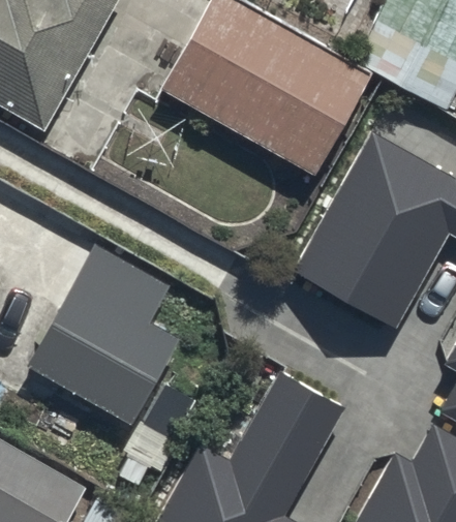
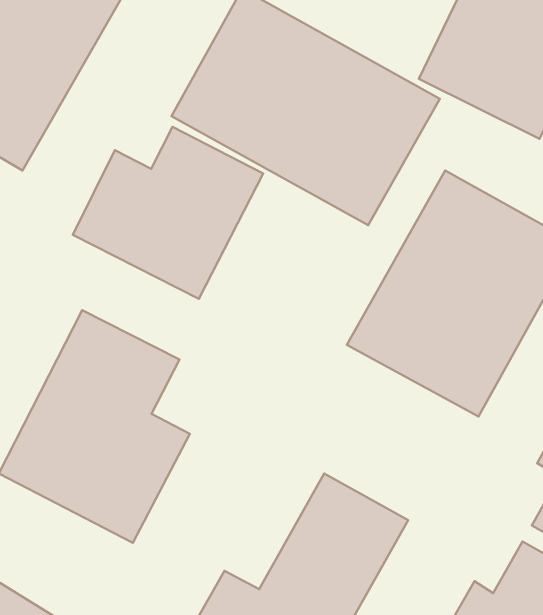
building: none -> [73,127,263,299]

